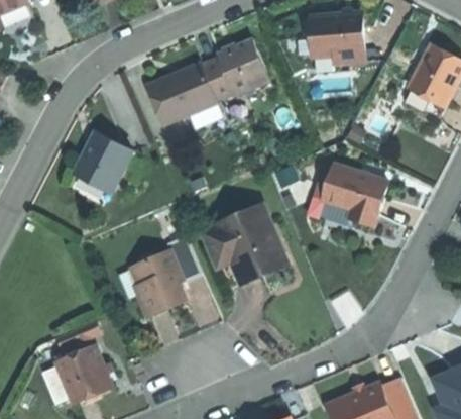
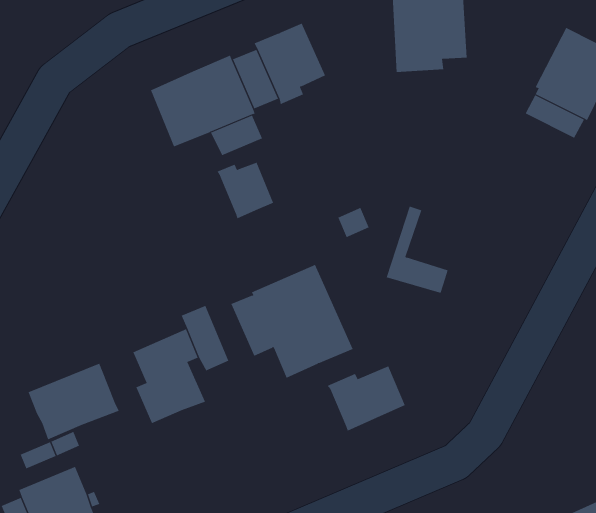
building: [74,130,131,191] -> none
building: none -> [217,162,274,219]
building: [322,165,387,222] -> none
building: none -> [28,363,119,440]
building: none -> [327,366,405,432]

